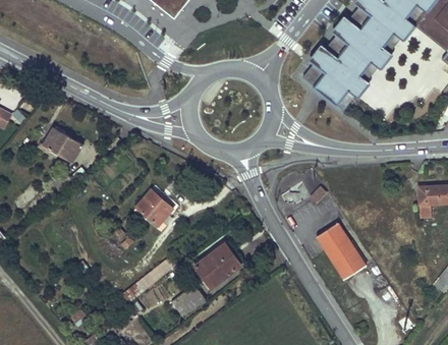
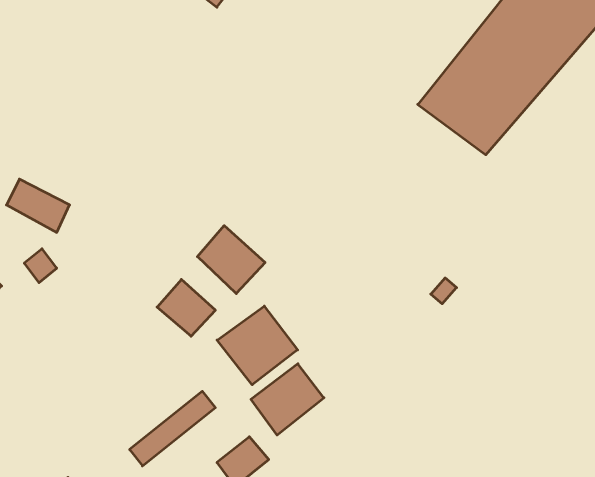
building: none -> [197,226,265,294]
building: none -> [217,306,298,385]
building: [316,225,366,281] -> none

